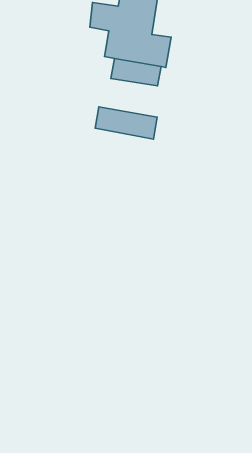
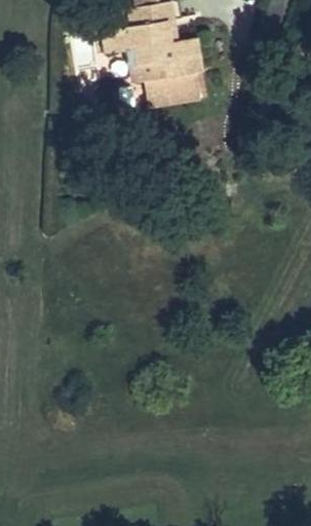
building: [95,107,157,139] -> none

